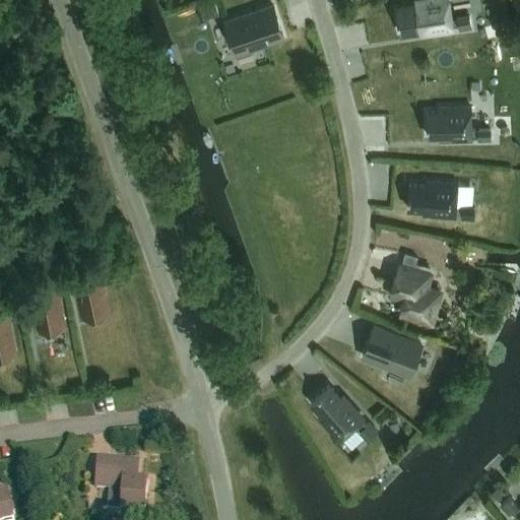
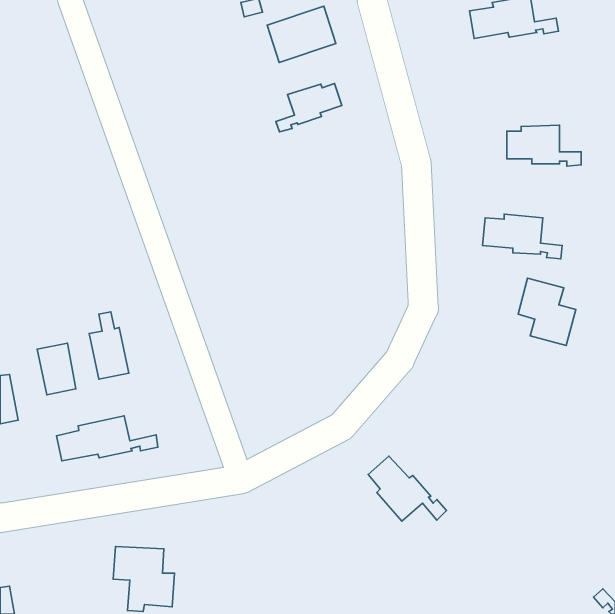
building: none -> [276,84,342,132]
building: [391,264,440,321] -> [518,278,576,346]
building: [363,325,421,374] -> none
building: none -> [56,416,158,461]

